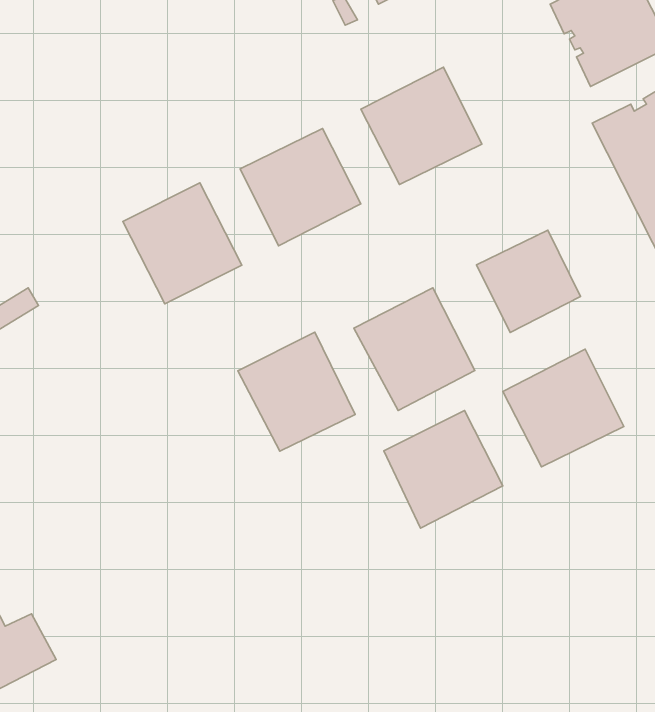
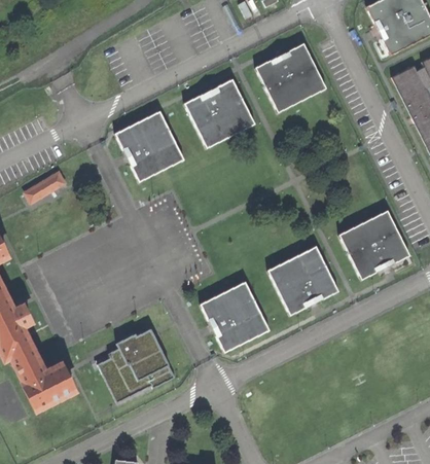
building: [477,230,580,332] -> none
building: [354,288,475,410] -> none
building: [238,332,355,451] -> [200,281,268,351]
building: none -> [104,325,180,398]

